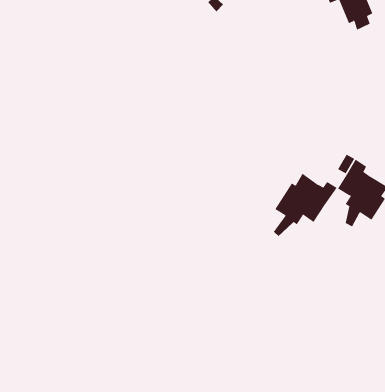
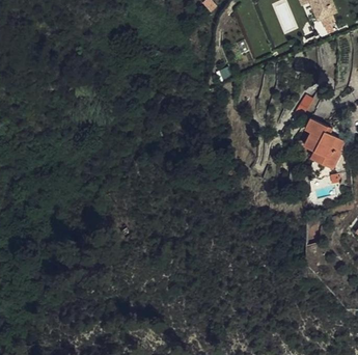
building: [273,173,337,237] -> none

